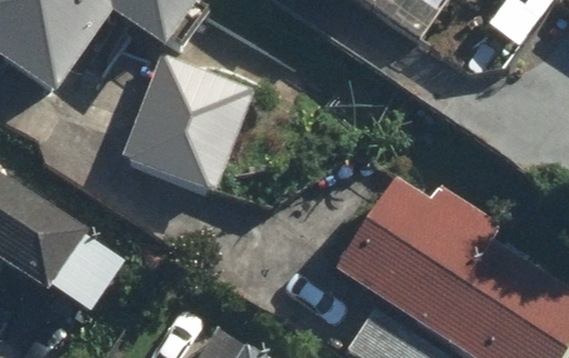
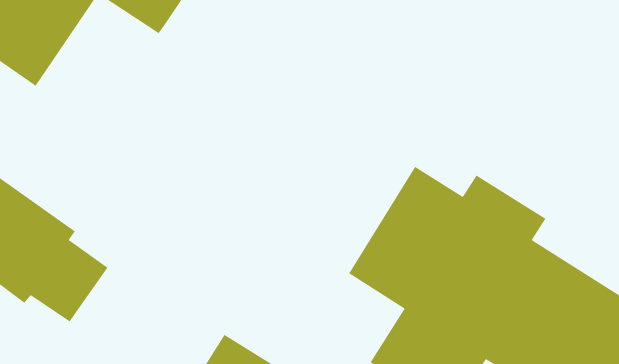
building: [120,49,259,201] -> none

